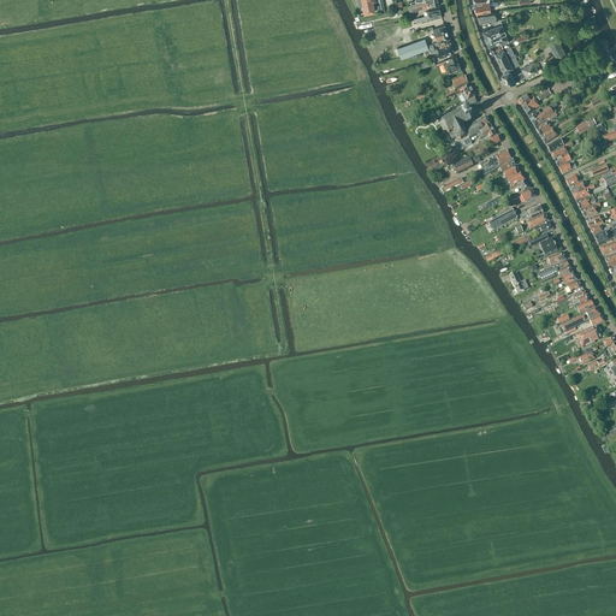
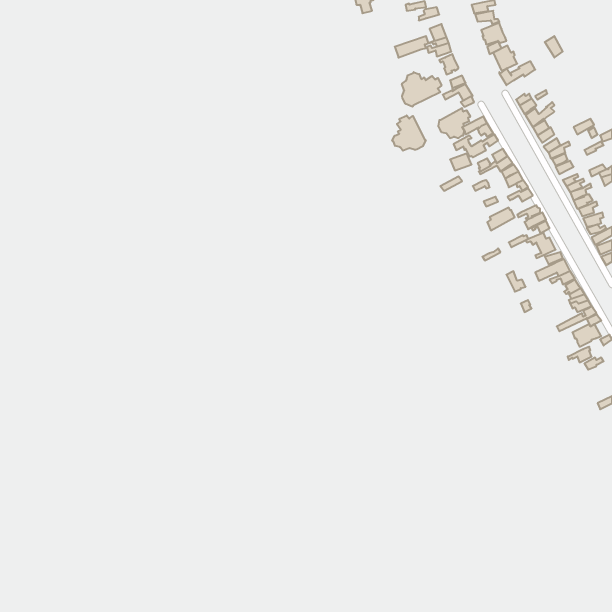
building: none -> [402,72,441,107]
building: none -> [392,115,426,151]

